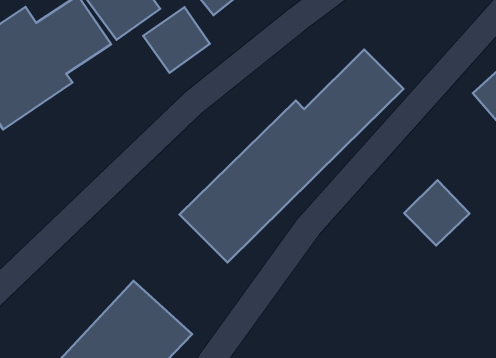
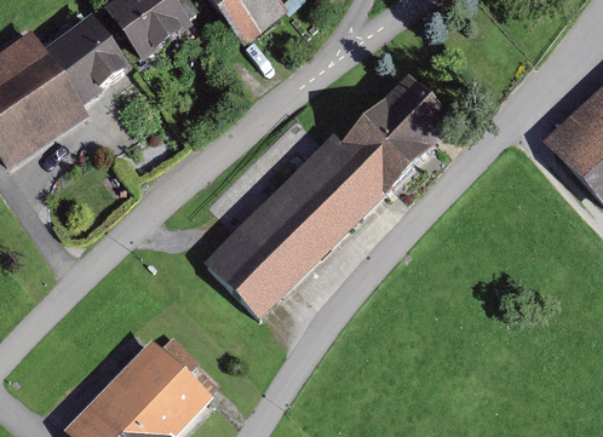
building: [143,7,210,73] -> none
building: [404,180,470,246] -> none

